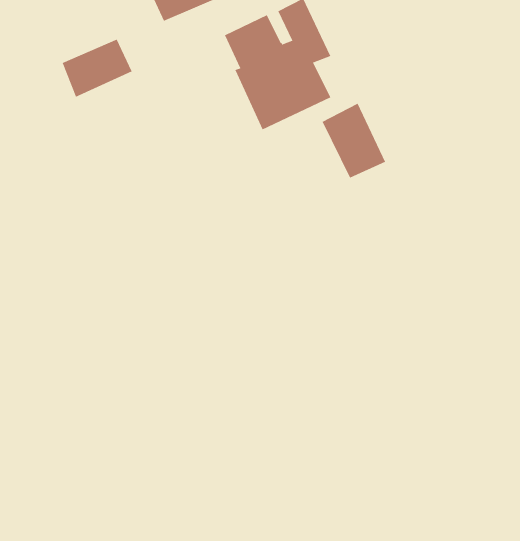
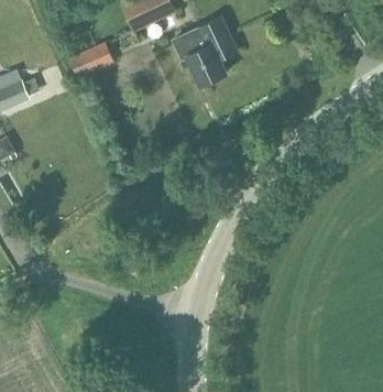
building: [322,103,386,178] -> none

